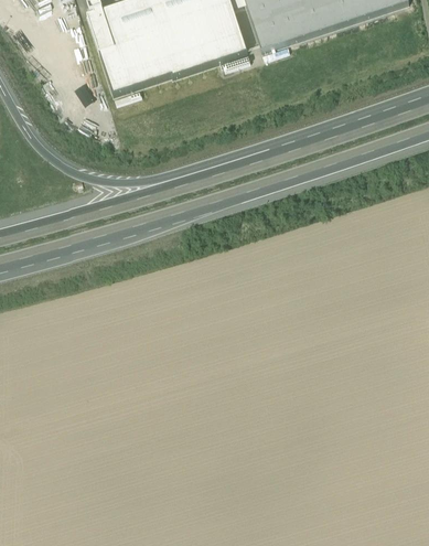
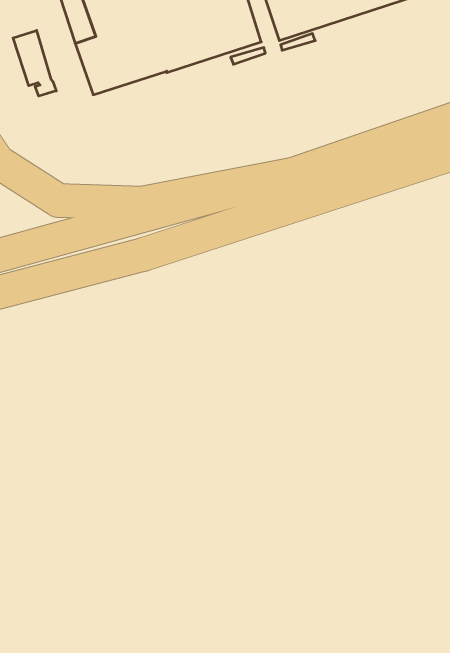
building: none -> [13,30,56,96]

